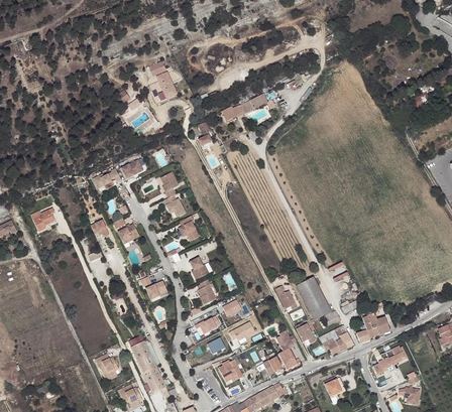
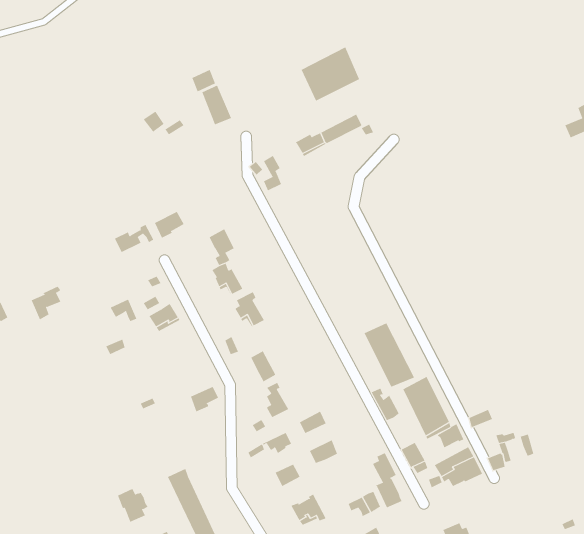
building: none -> [301,46,360,102]
building: none -> [364,322,415,387]
building: [373,344,406,375] -> none

